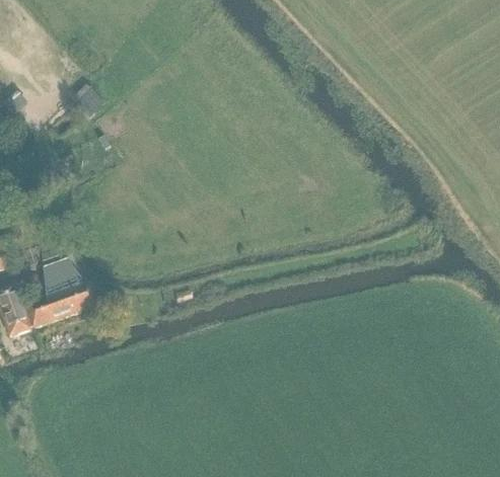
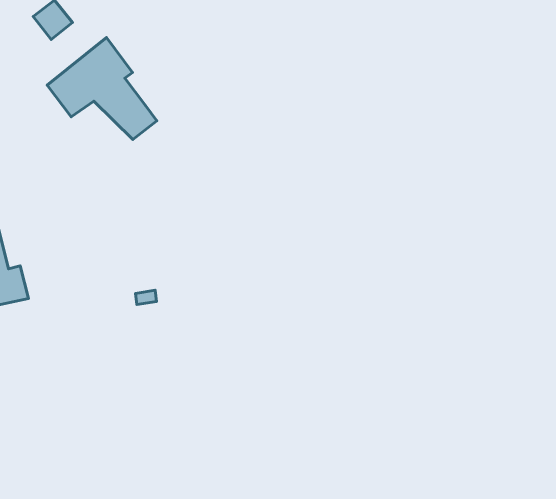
building: none -> [47,37,157,140]

